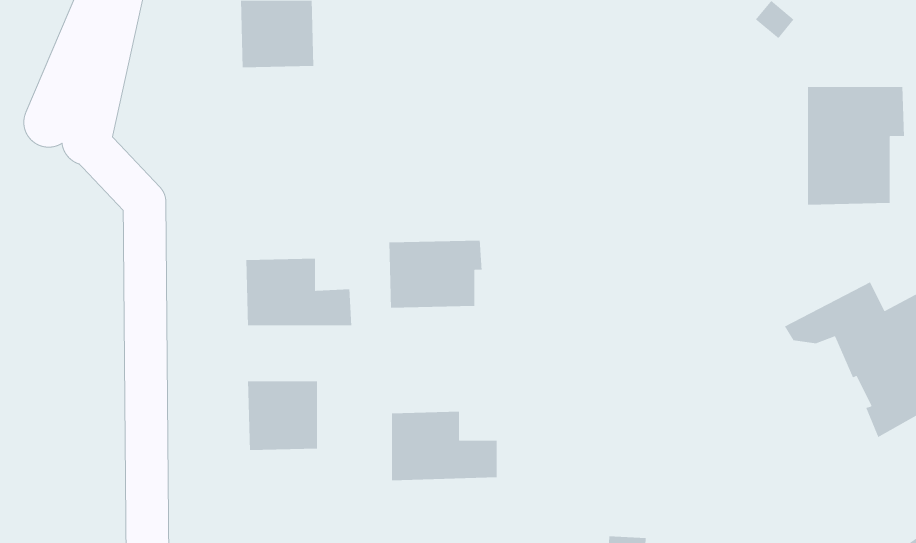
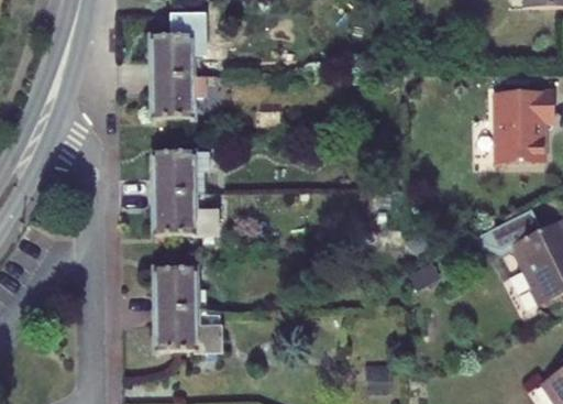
building: none -> [151,76,199,118]
building: [388,240,482,308] -> [152,152,209,194]
building: [391,411,498,481] -> [155,309,220,352]

